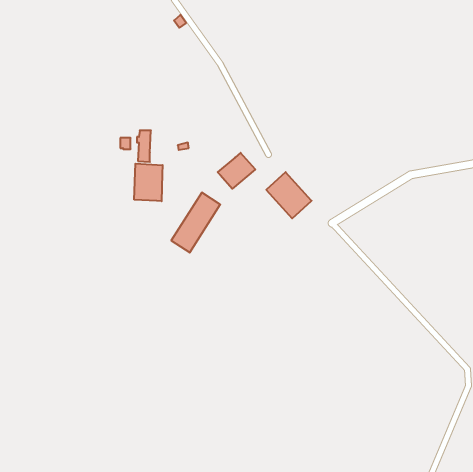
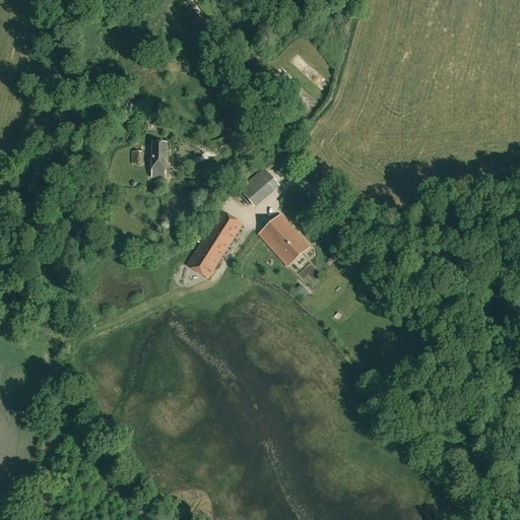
building: [134,164,163,201] -> none
building: [266,172,312,218] -> [259,214,309,265]

